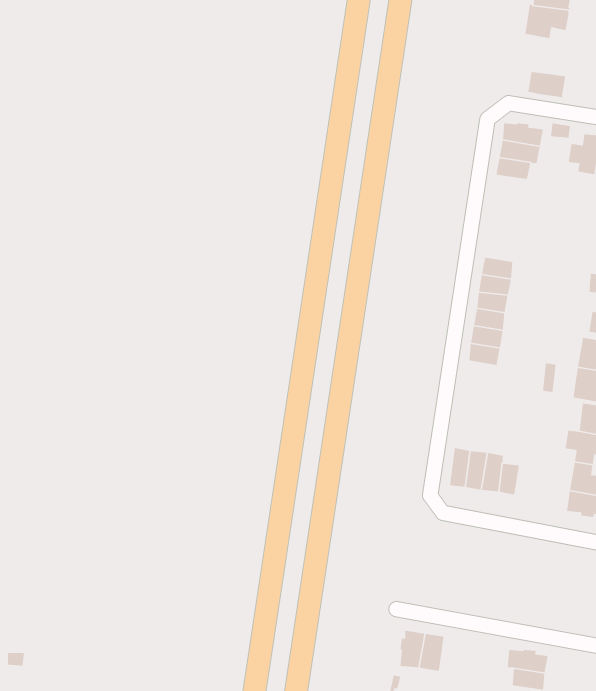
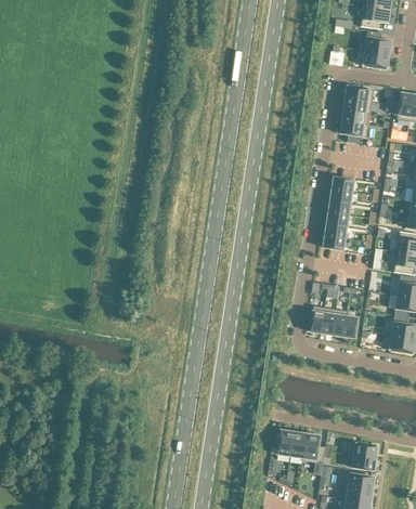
building: none -> [365,30,391,54]
building: none -> [340,121,368,143]
building: none -> [302,433,325,461]

